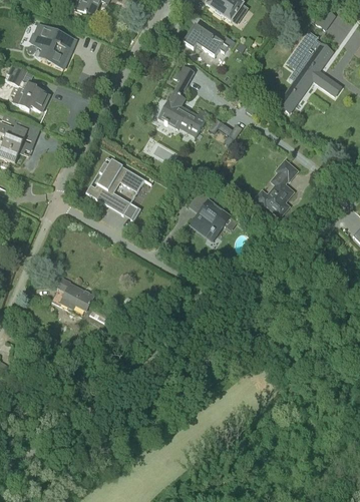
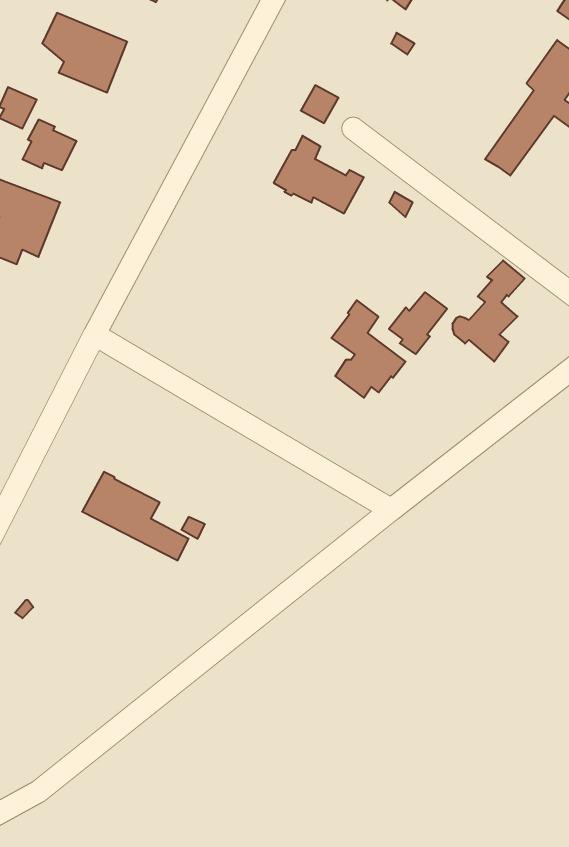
building: [183,24,228,56] -> none
building: [84,156,143,220] -> none
building: none -> [389,292,447,354]

